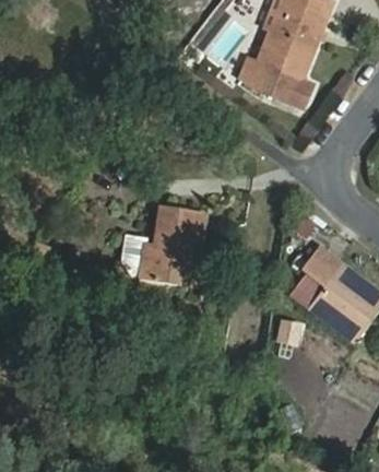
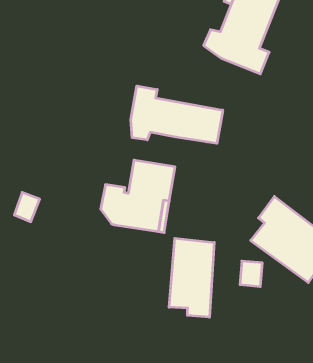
building: none -> [131,86,223,143]
building: none -> [169,238,214,317]

